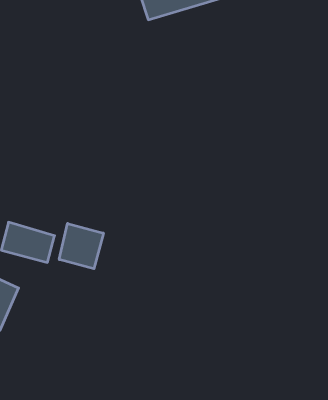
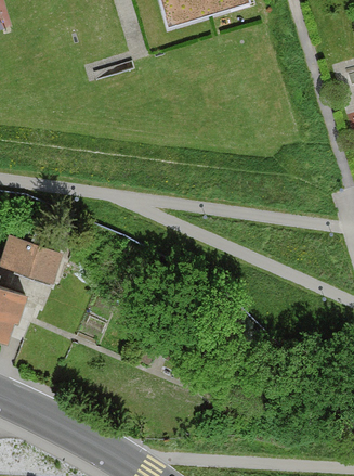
building: [59,223,103,269] -> none

